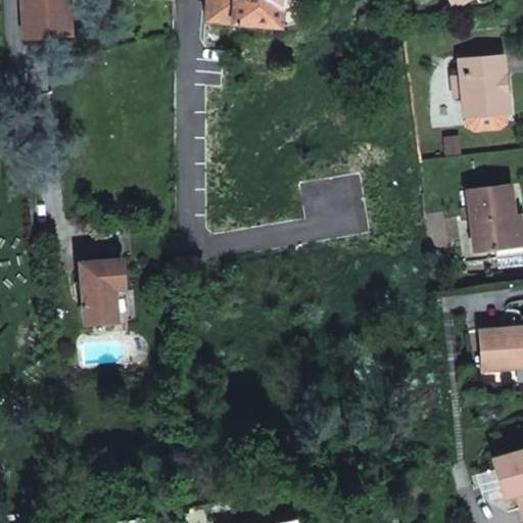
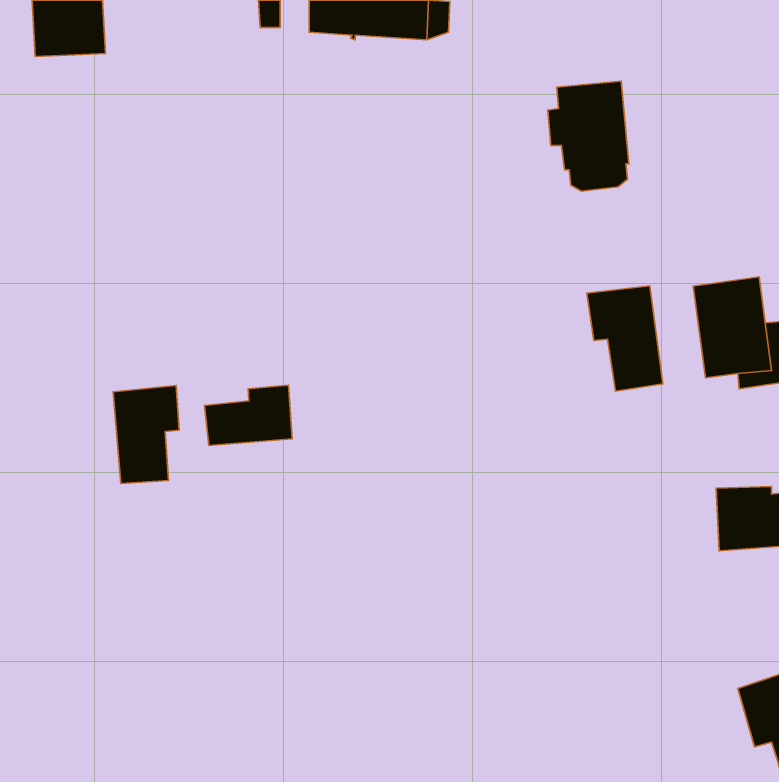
building: [456,54,510,128] -> [548,81,629,191]
building: none -> [587,286,663,391]
building: none -> [205,385,292,446]

